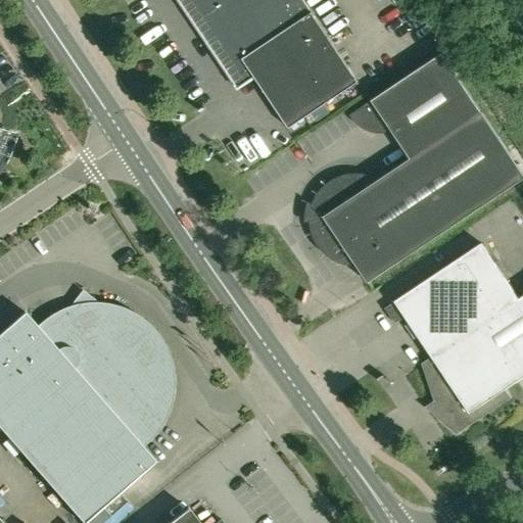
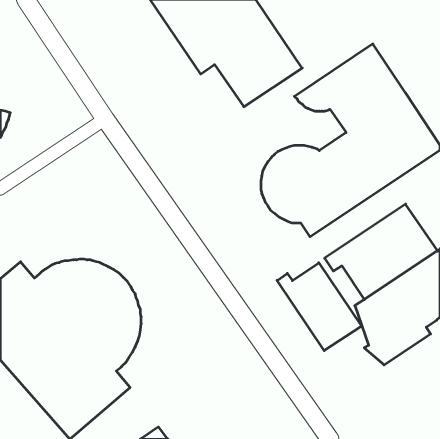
building: none -> [277,263,361,351]

